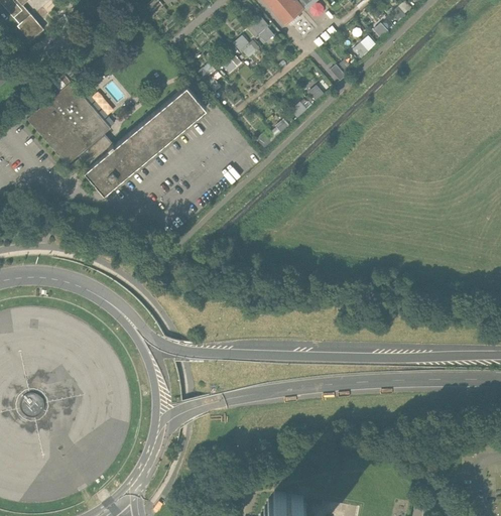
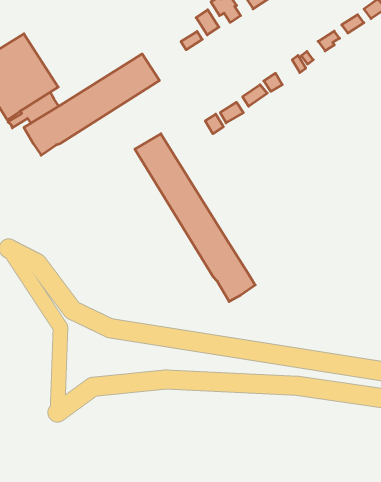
building: none -> [135,134,255,302]

